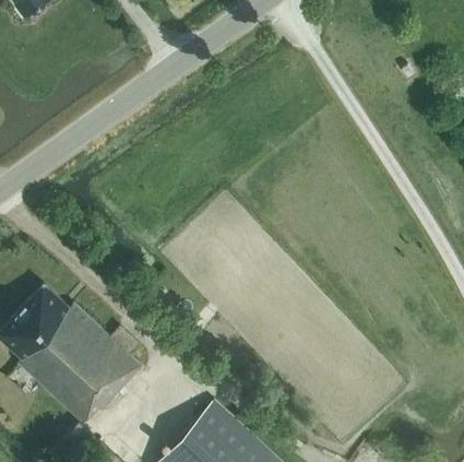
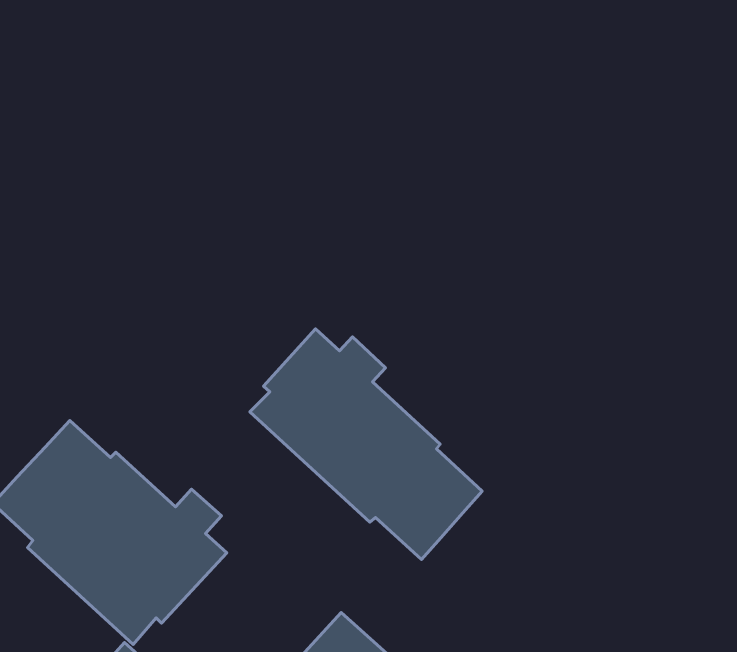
building: none -> [250,329,482,560]

